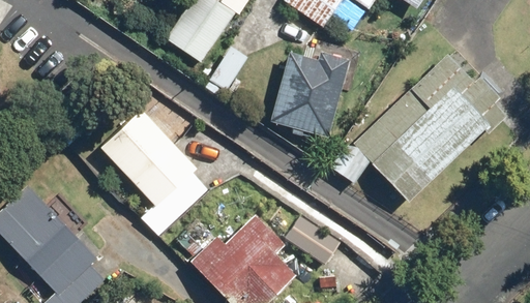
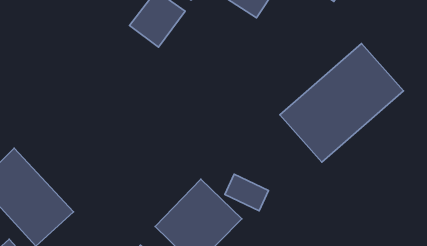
building: [270,53,346,138] -> none
building: [100,111,205,219] -> none

